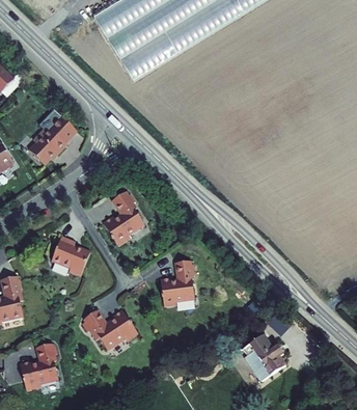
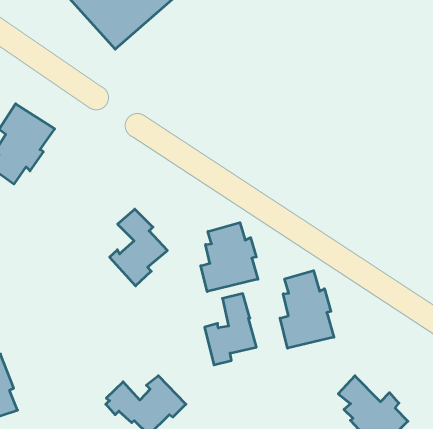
building: none -> [201,223,258,292]
building: [51,234,89,273] -> none
building: none -> [280,271,334,348]

